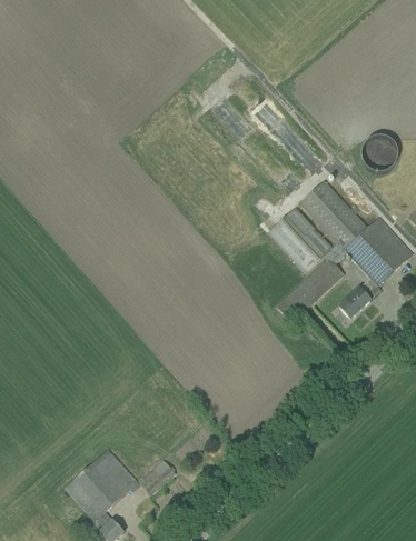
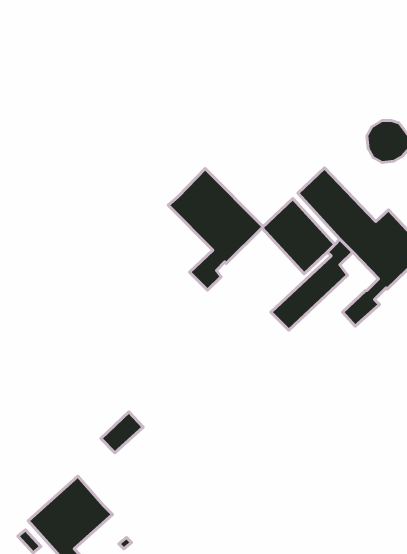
building: none -> [168,169,263,290]
building: [138,458,175,493] -> [101,412,143,453]

